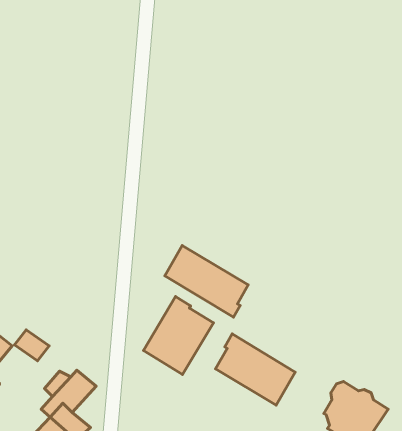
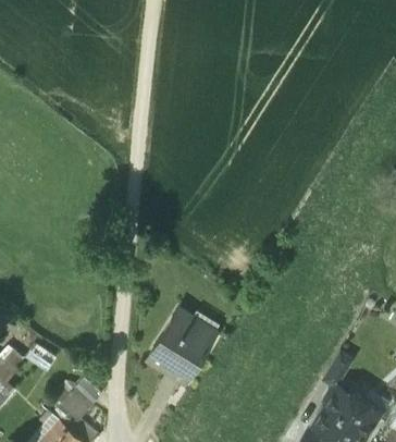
building: [165,246,248,317] -> none
building: [215,334,295,405] -> none

